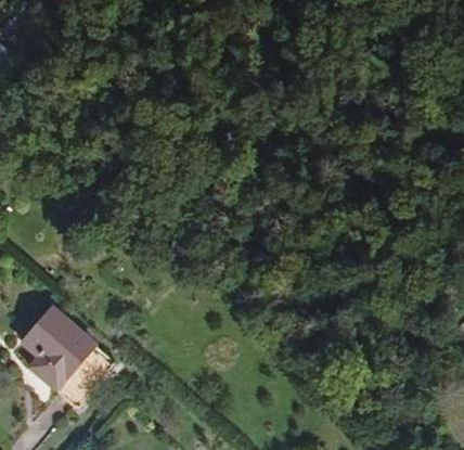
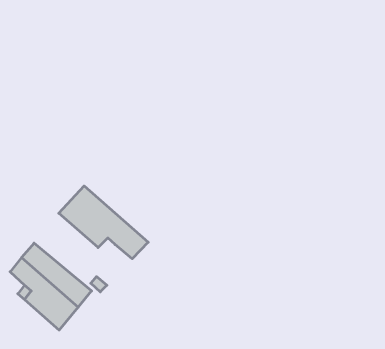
building: none -> [59,186,148,259]

